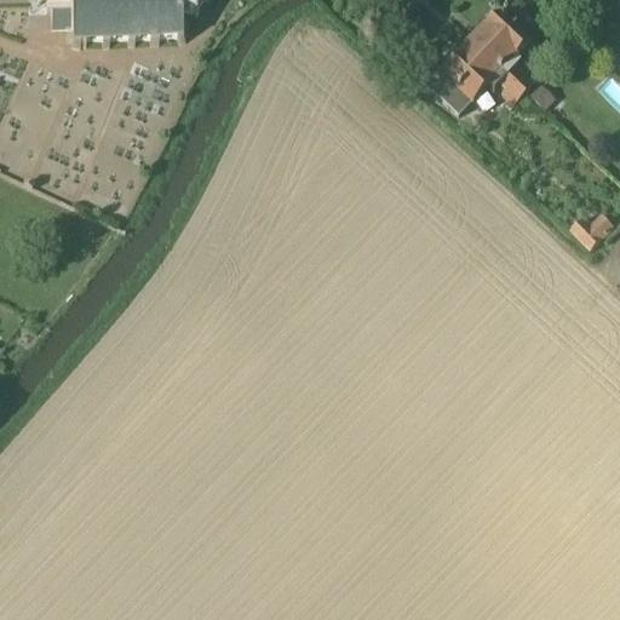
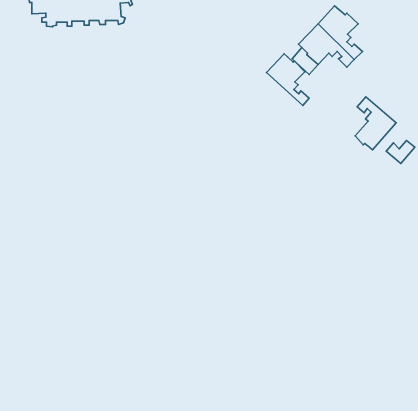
building: none -> [266,54,309,105]
building: none -> [355,97,396,150]

